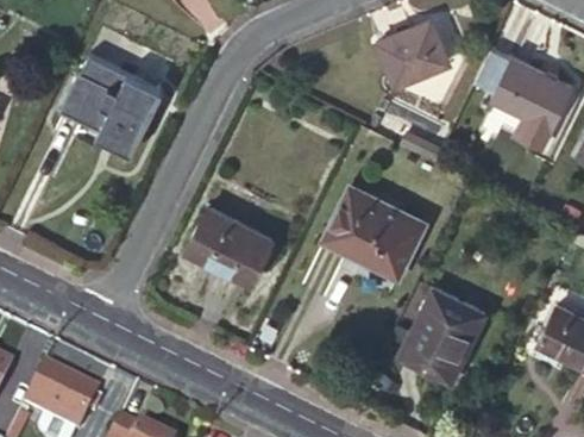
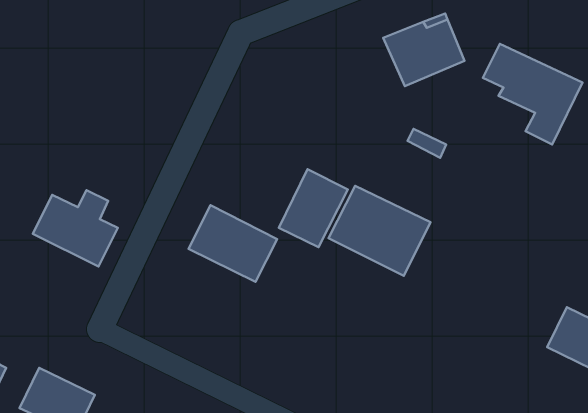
building: [62,63,145,138] -> [33,190,118,267]
building: none -> [279,169,348,247]
building: [401,286,486,380] -> none

